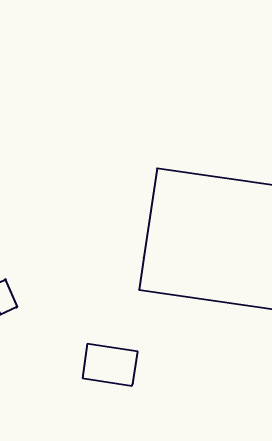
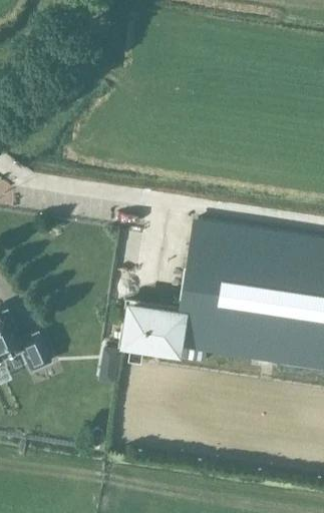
building: [83,344,138,386] -> [124,306,183,350]

